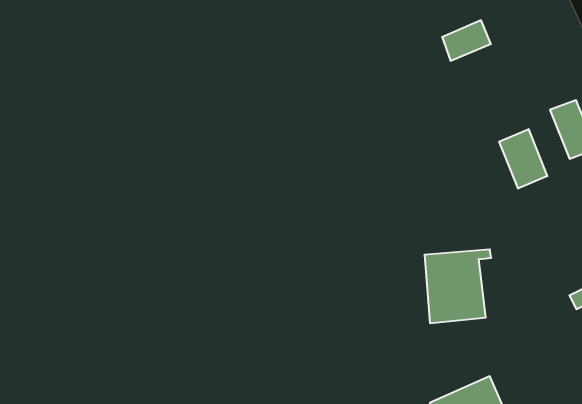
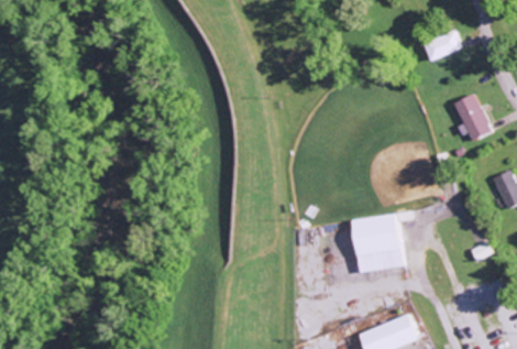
building: [442,20,491,61] -> [425,30,463,62]
building: [499,129,547,189] -> none

